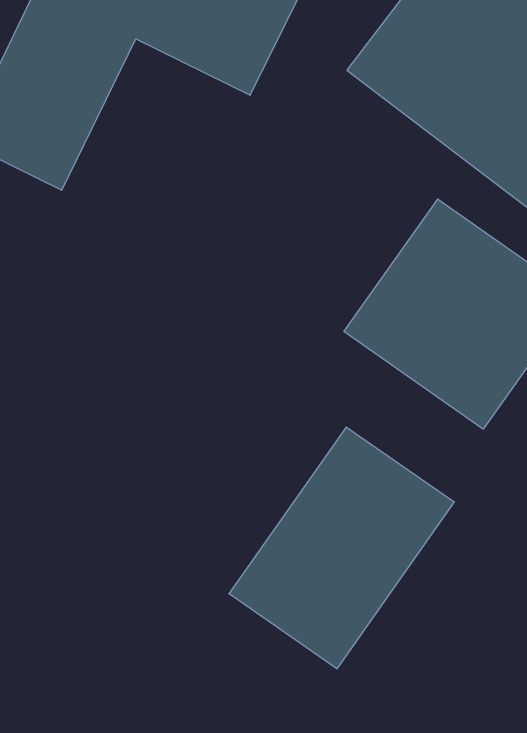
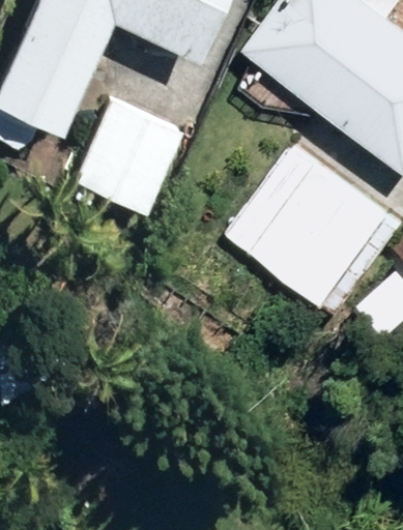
building: none -> [71,96,181,214]
building: [229,427,454,669] -> none

